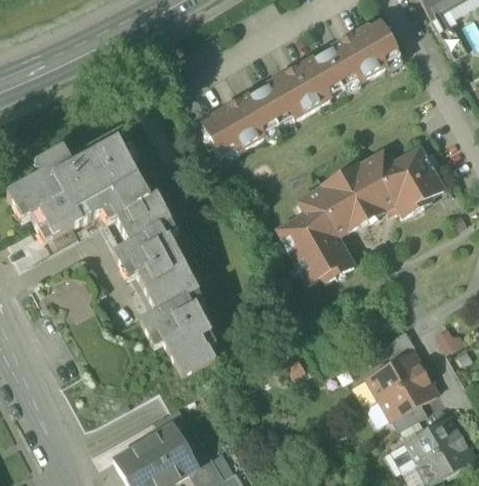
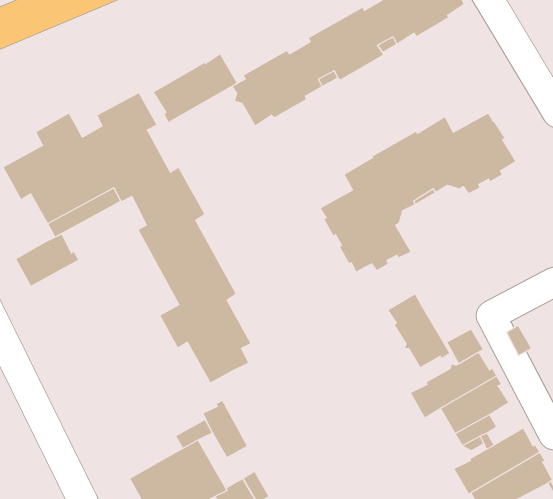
building: none -> [153,53,237,123]
building: none -> [16,234,79,287]
building: none -> [387,293,450,368]
building: none -> [203,400,248,458]

